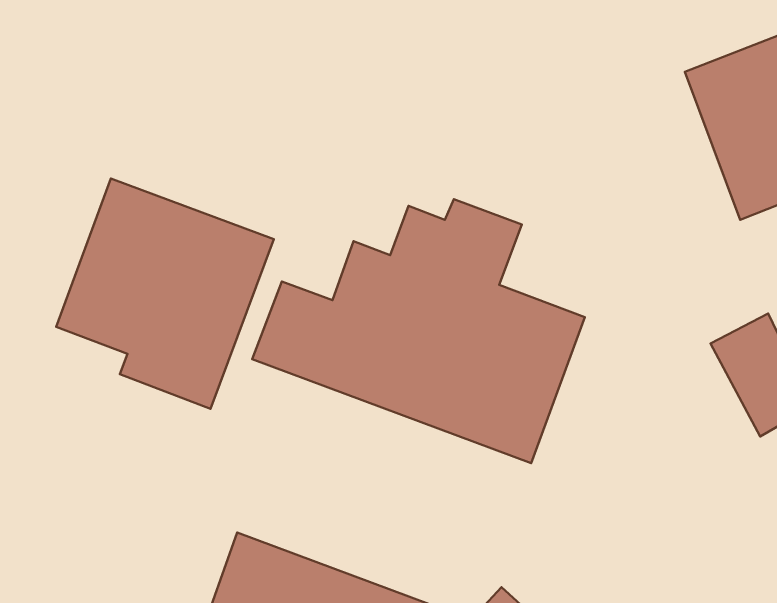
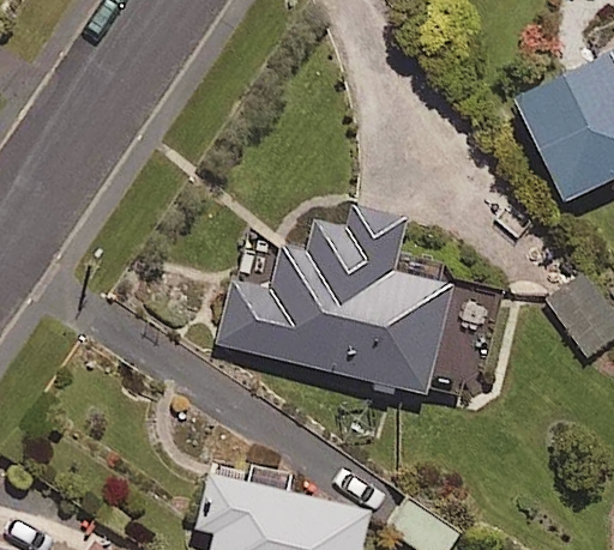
building: [56,179,274,409] -> none

